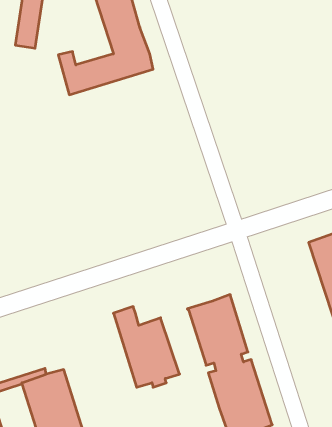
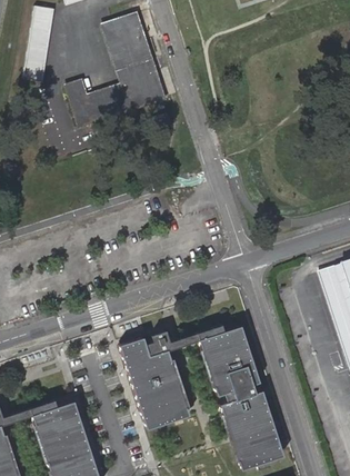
building: none -> [144,326,222,357]

